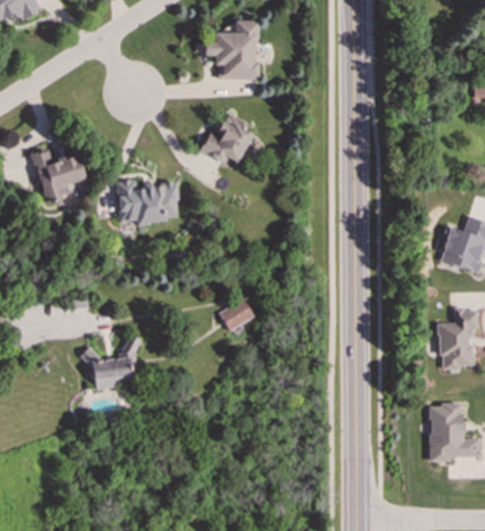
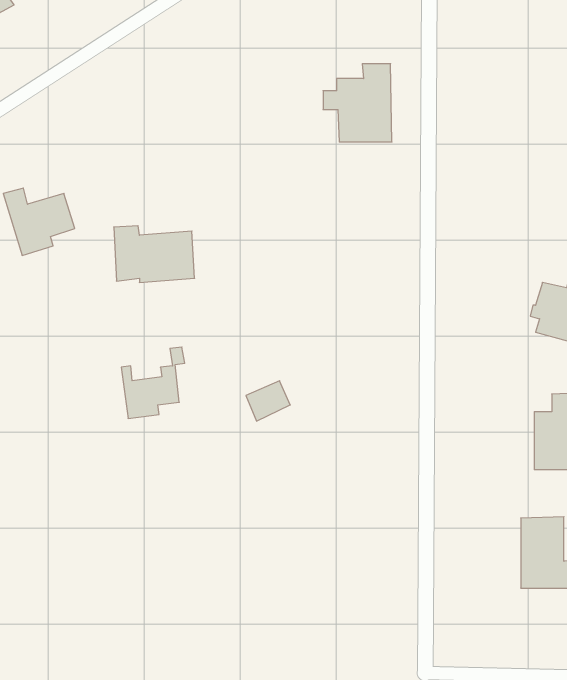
building: [205,21,258,81] -> [323,64,392,142]
building: [201,113,254,163] -> none
building: [88,335,137,390] -> [121,347,185,418]

